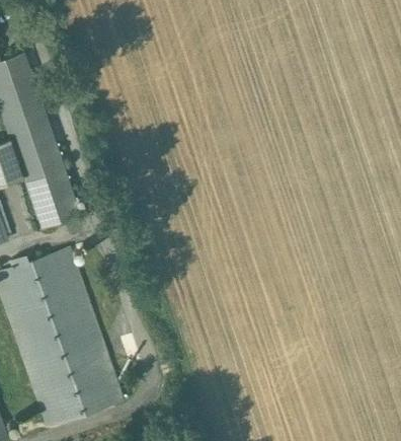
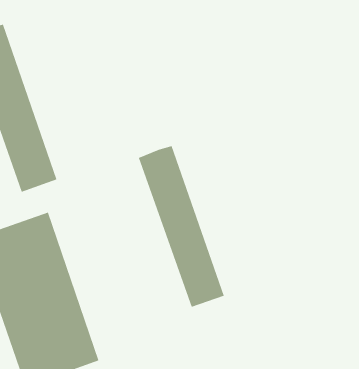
building: none -> [138,145,225,308]

